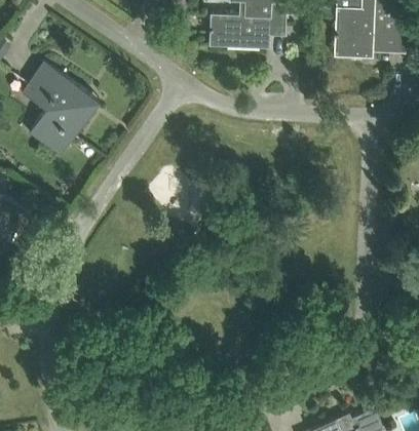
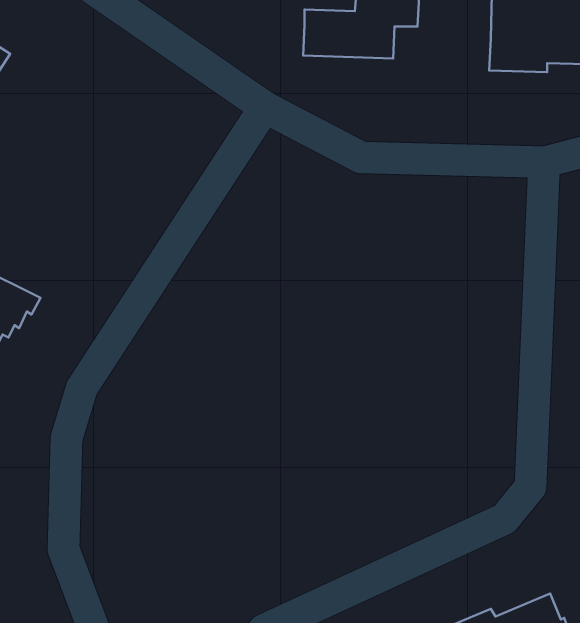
building: [22,62,91,156] -> none

